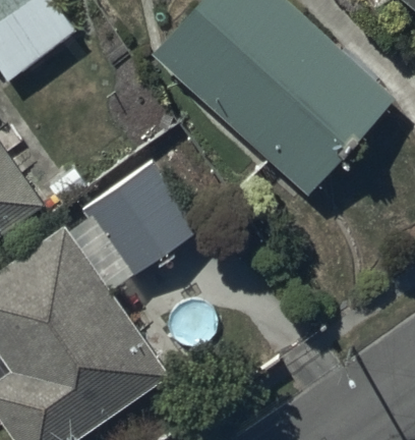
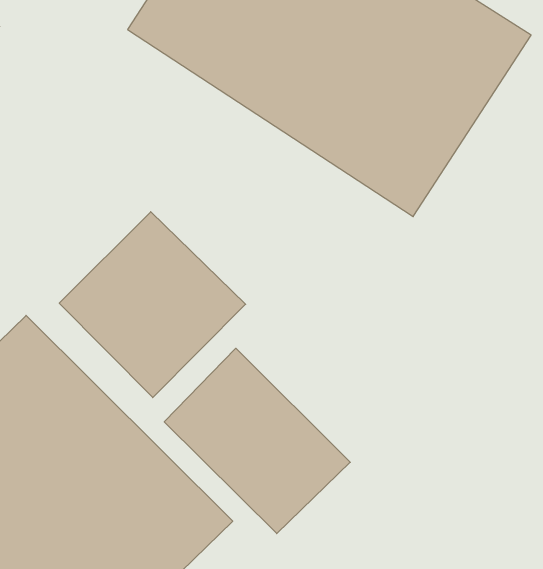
building: none -> [164,348,350,534]

